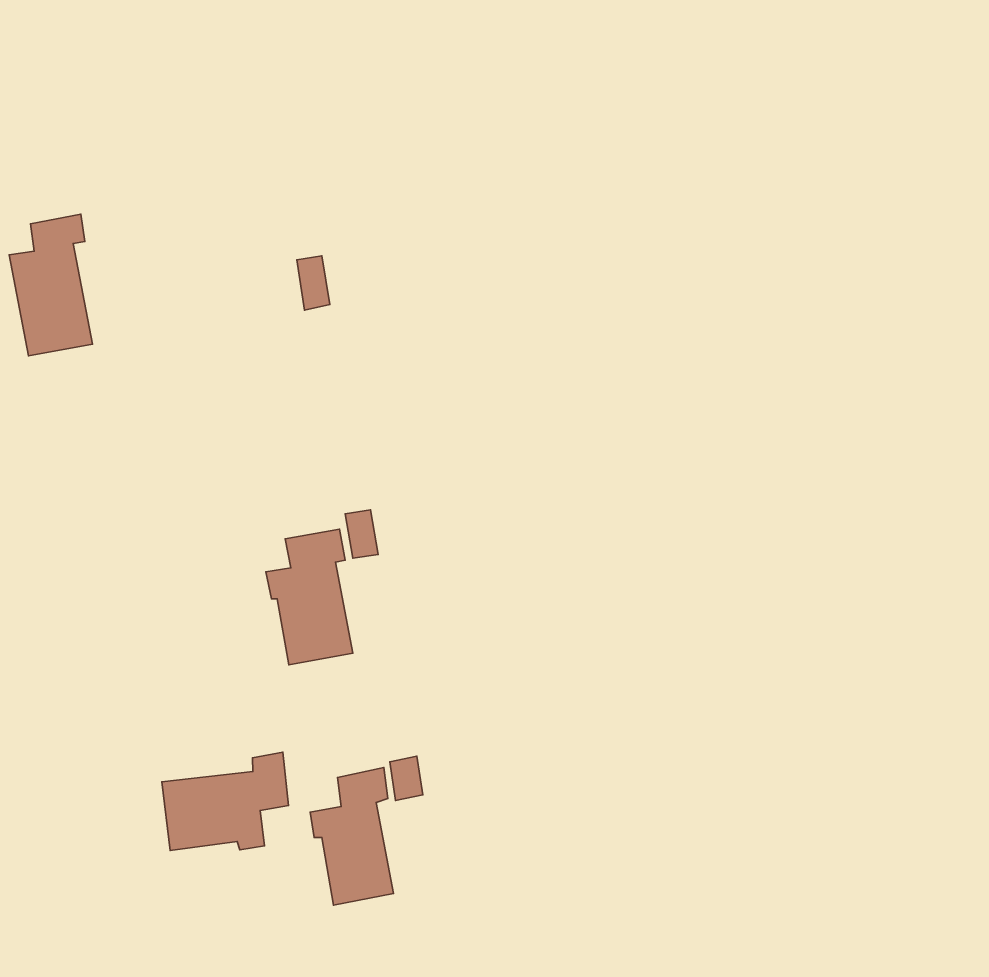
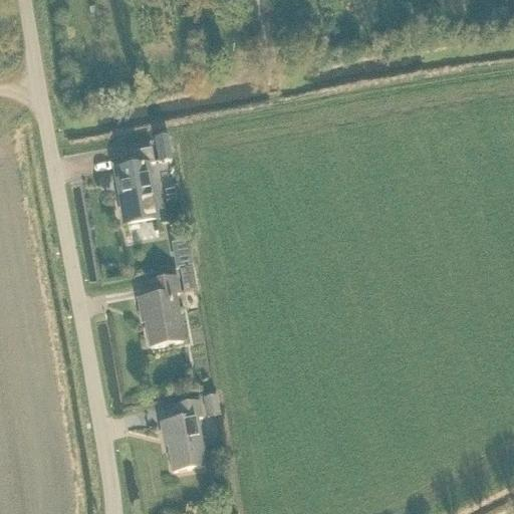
building: [9,214,93,356] -> [114,146,158,219]
building: [162,752,289,850] -> none

